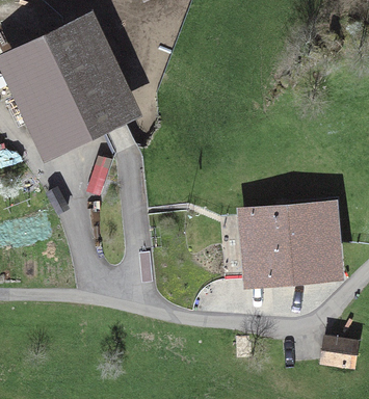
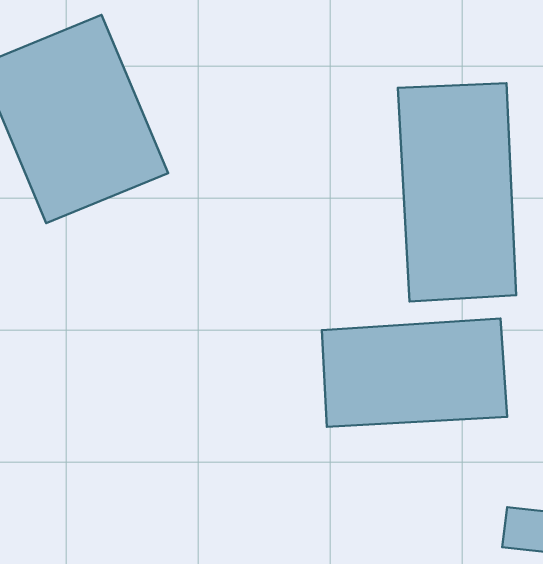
building: none -> [398,83,516,301]

